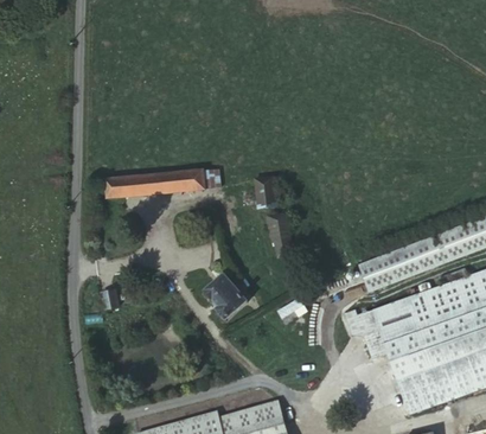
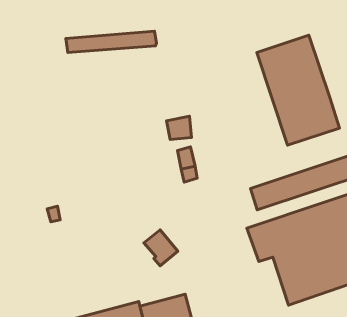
building: none -> [257,35,339,145]
building: [103,167,219,194] -> [66,31,156,52]
building: [202,272,245,318] -> [144,230,178,266]

